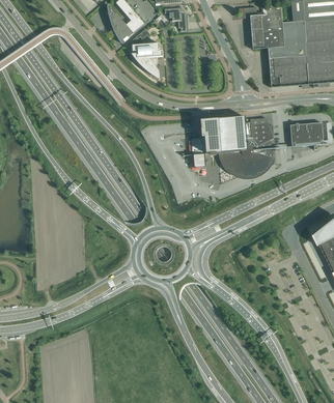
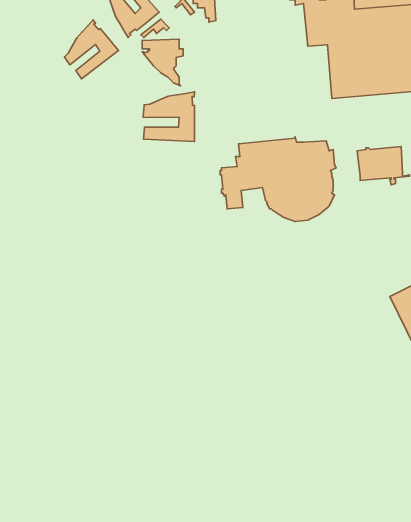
building: none -> [64,20,118,79]
building: none -> [143,92,195,141]

